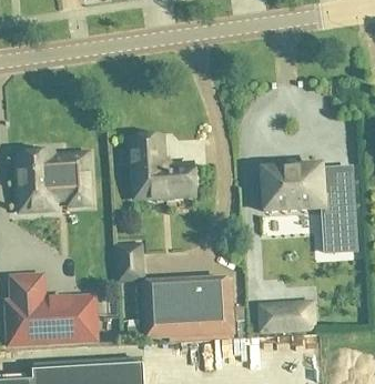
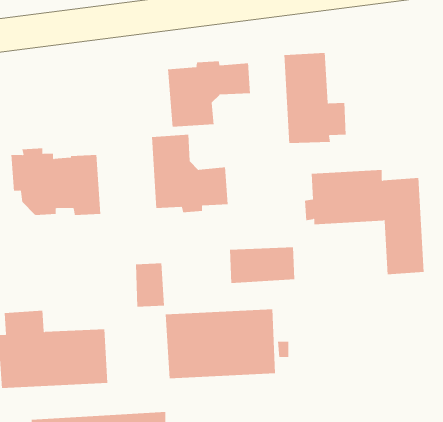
building: none -> [284,52,346,144]
building: none -> [167,60,250,128]
building: [259,301,313,331] -> [229,247,295,283]

